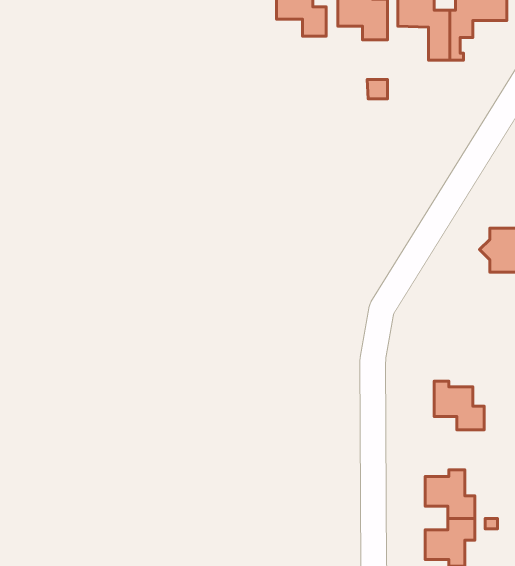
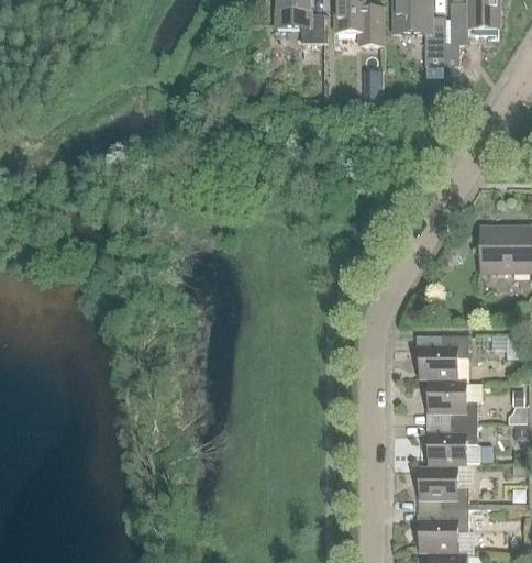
building: none -> [419,335,467,382]
building: none -> [428,423,479,468]

